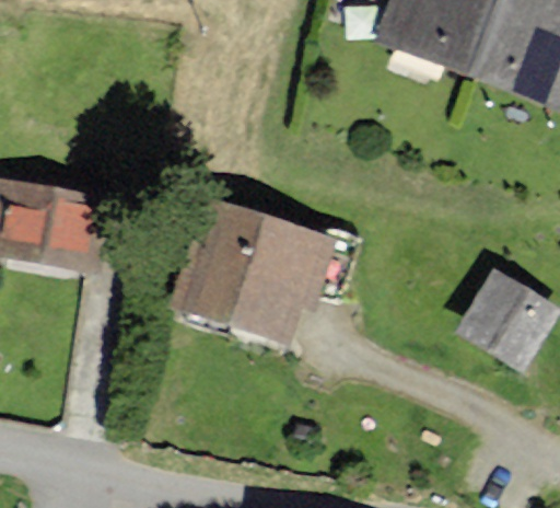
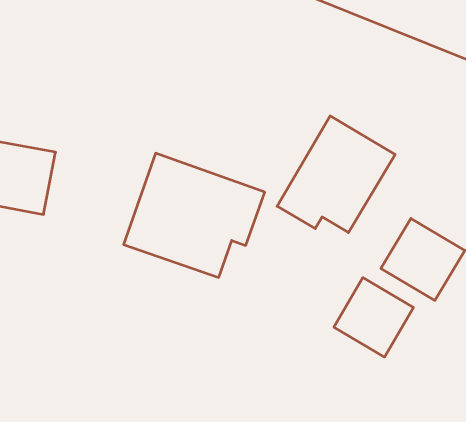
building: none -> [277,116,395,233]
building: none -> [334,278,413,357]

